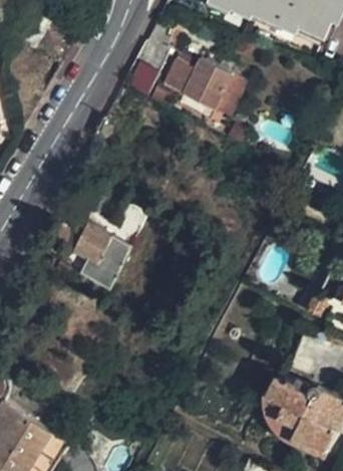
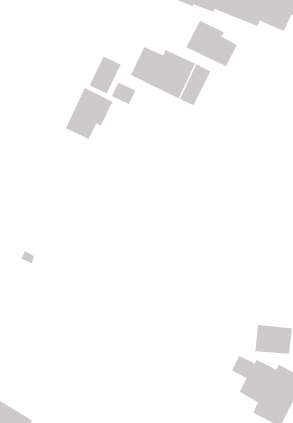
building: none -> [185,20,238,67]
building: none -> [65,87,113,140]
building: [74,226,128,286] -> none

